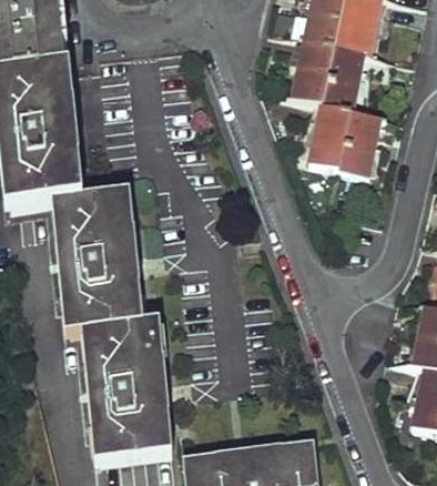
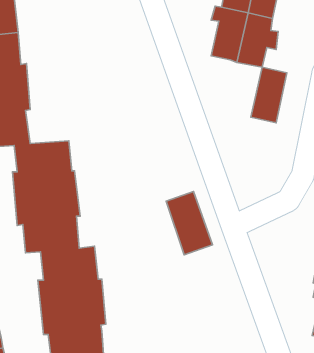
building: [309,100,352,168] -> none
building: none -> [166,191,213,255]

